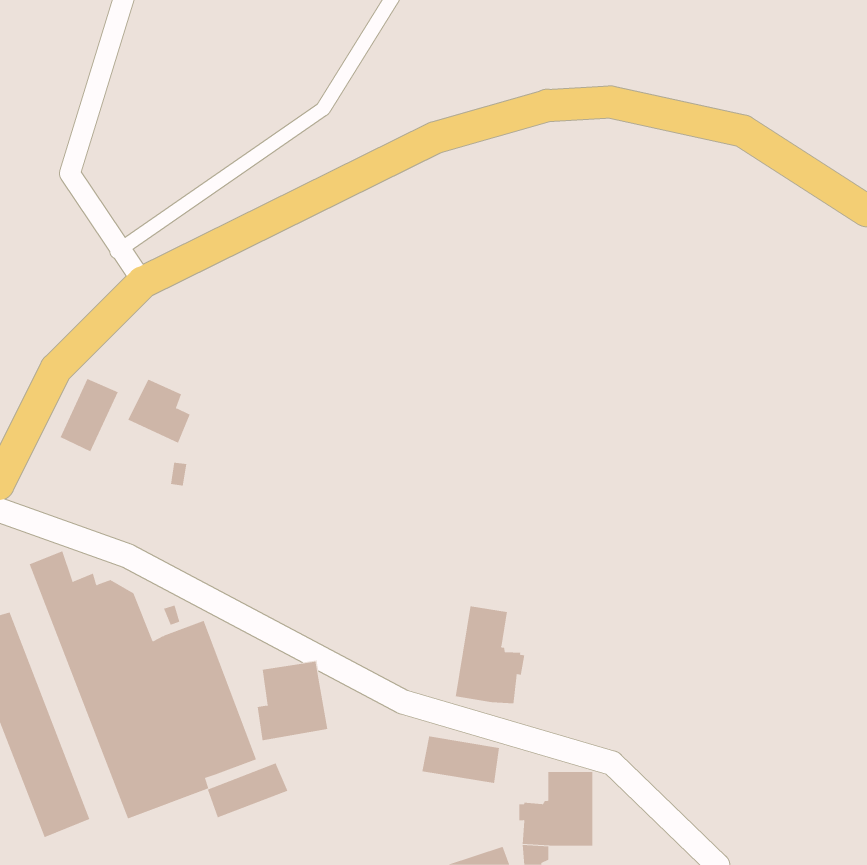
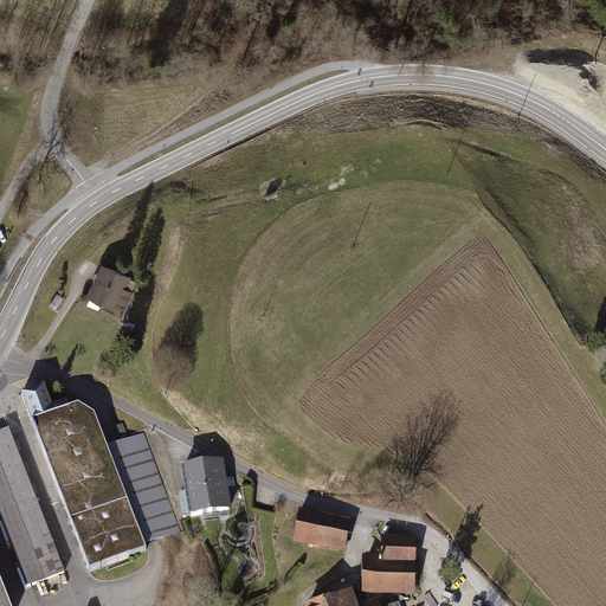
building: [60,378,119,452] -> none
building: [455,605,525,704] -> none
building: [207,762,288,818] -> none

